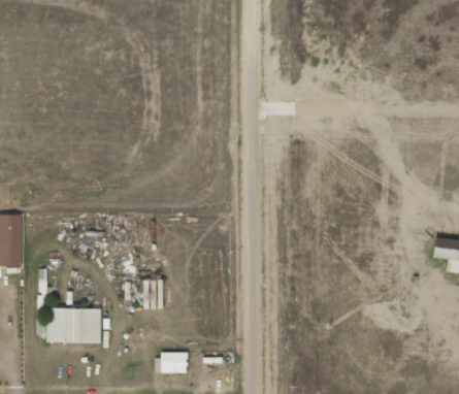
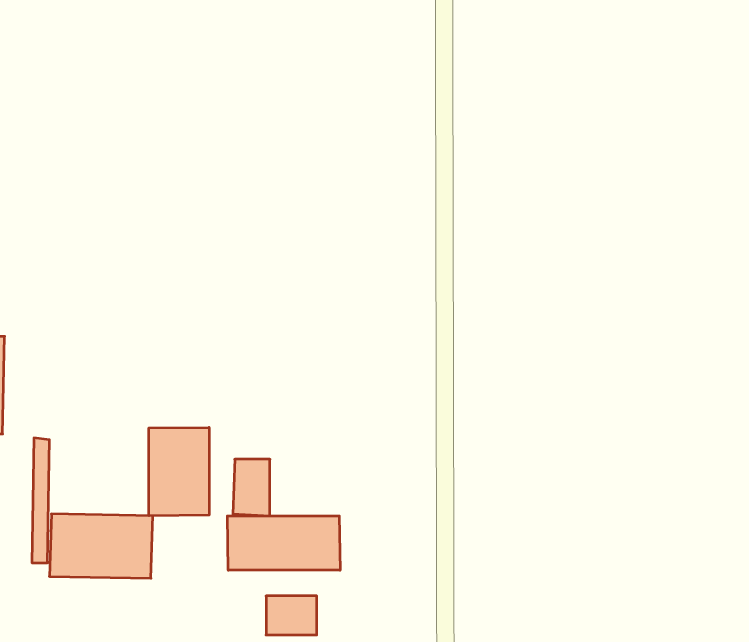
building: none -> [149,427,209,516]
building: none -> [227,516,340,570]

